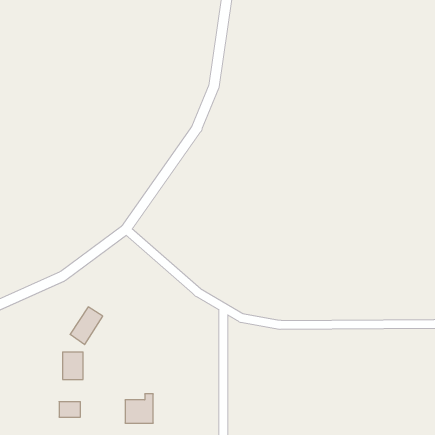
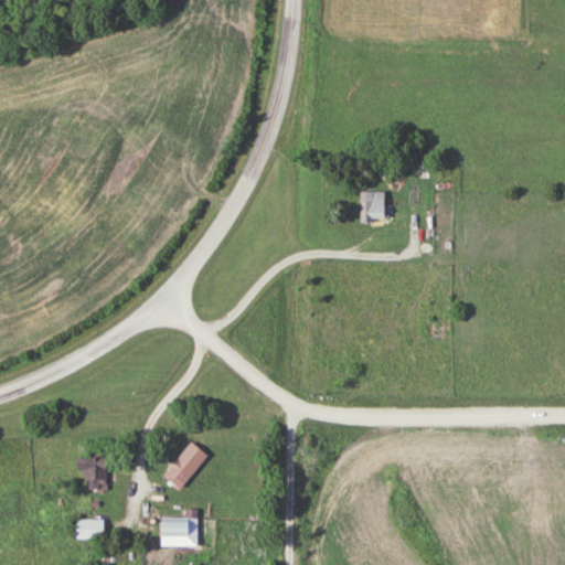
building: none -> [361,191,385,221]
building: [70,307,103,345] -> [164,440,206,489]

